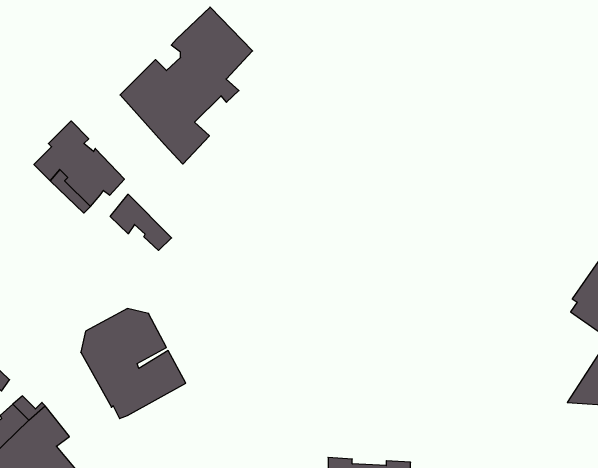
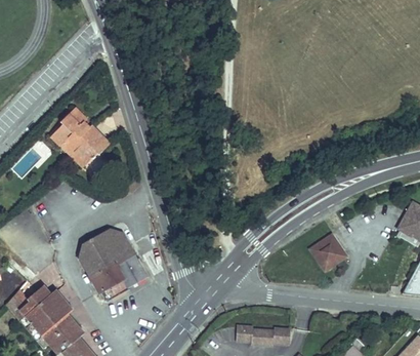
building: [120,7,253,164] -> none
building: [110,194,172,250] -> none
building: none -> [314,237,345,269]

